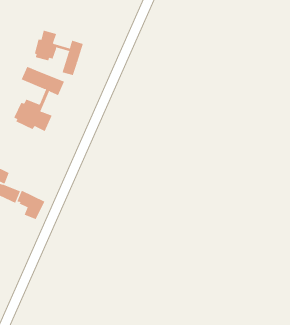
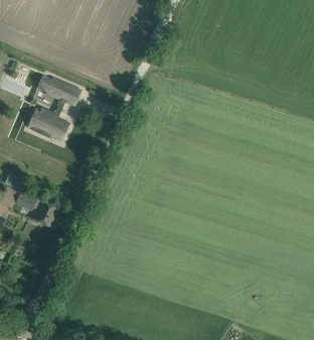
building: [34,30,84,76] -> none

